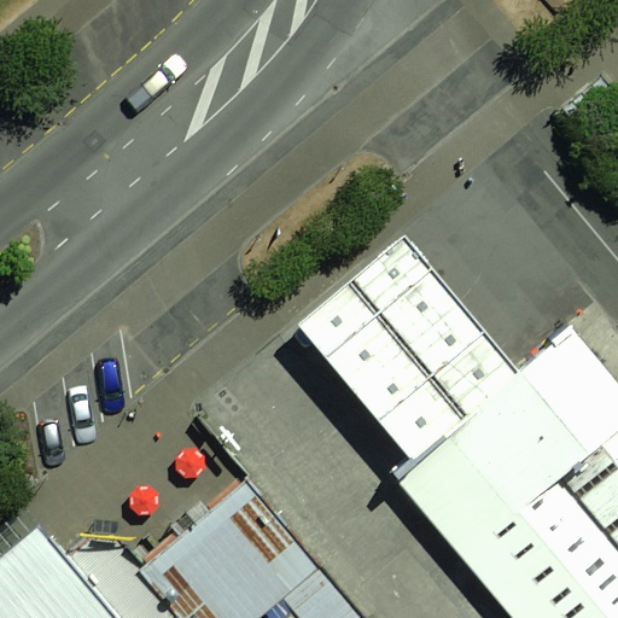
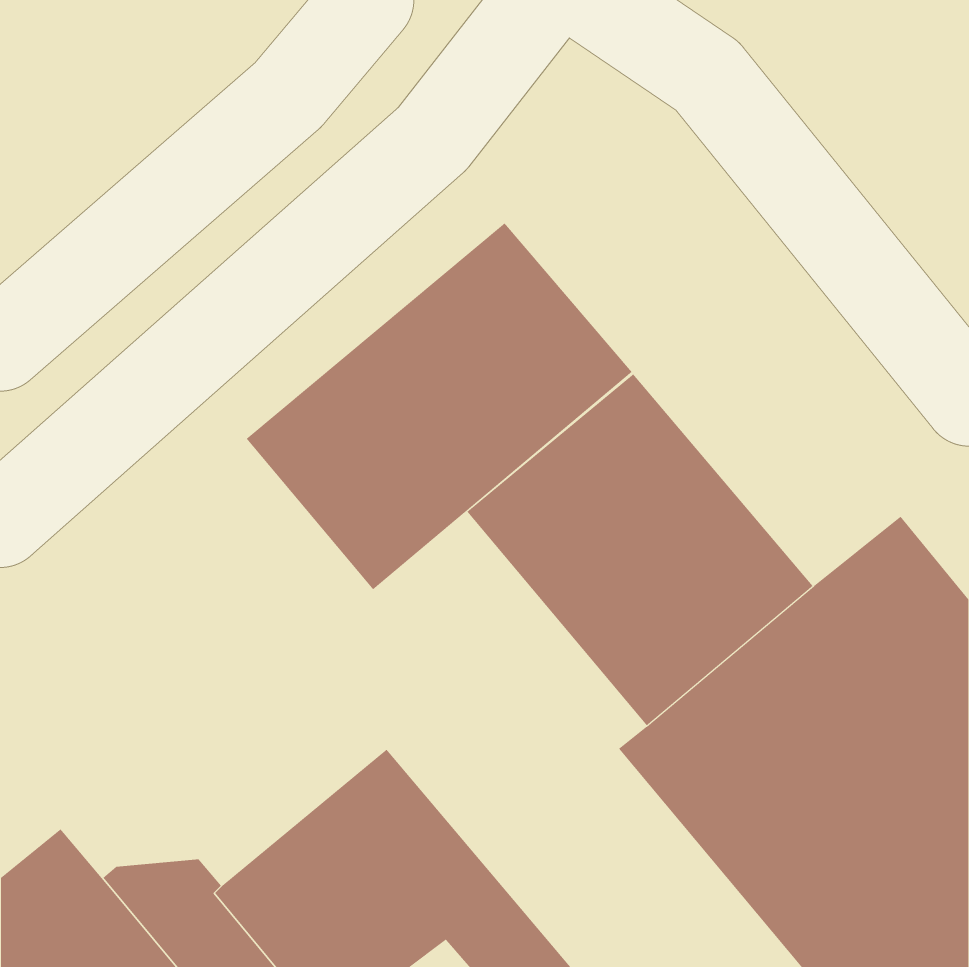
building: none -> [246,223,633,590]

